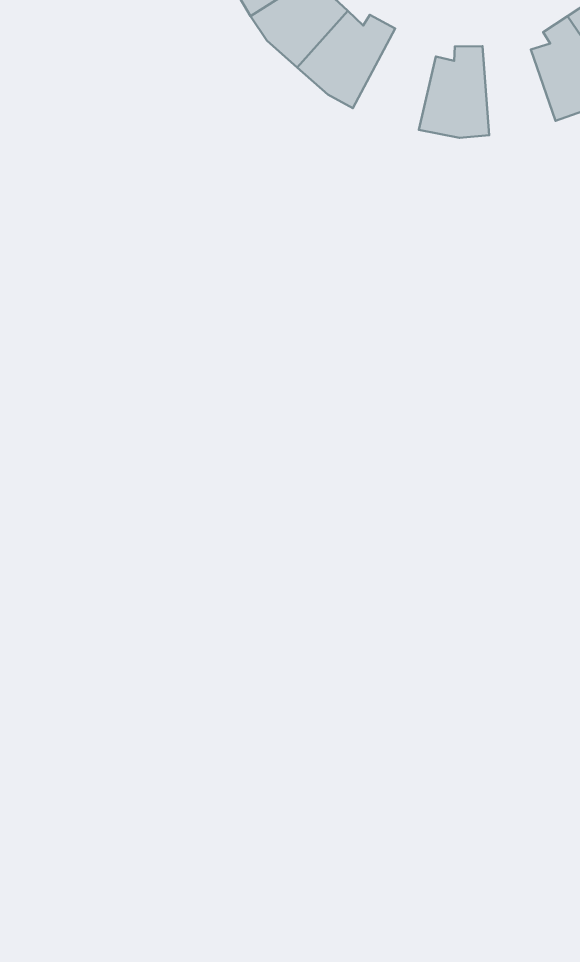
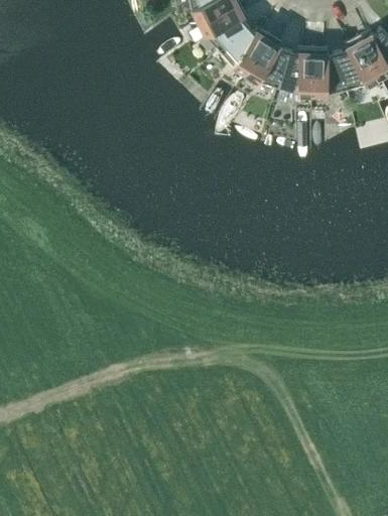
building: none -> [244,34,288,87]
building: none -> [311,47,346,94]

